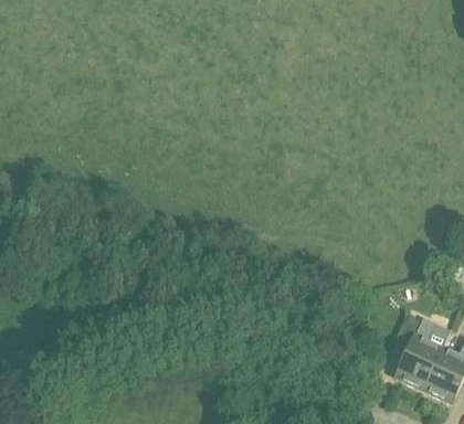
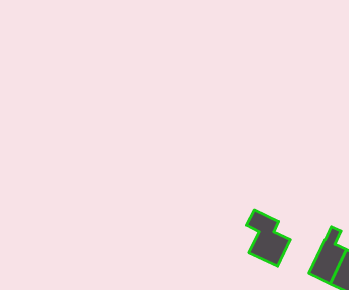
building: none -> [246,210,290,266]

